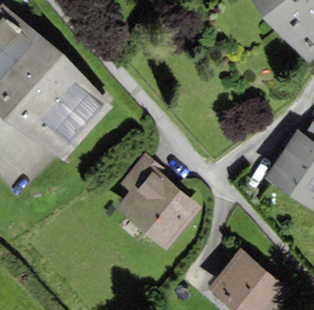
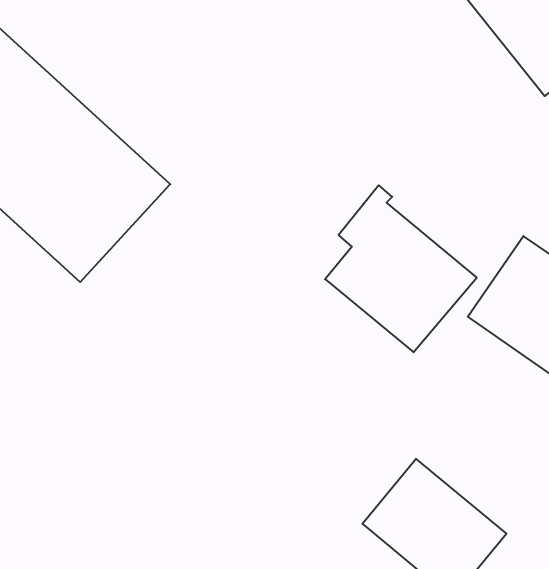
building: [115,156,195,245] -> [325,185,477,352]

